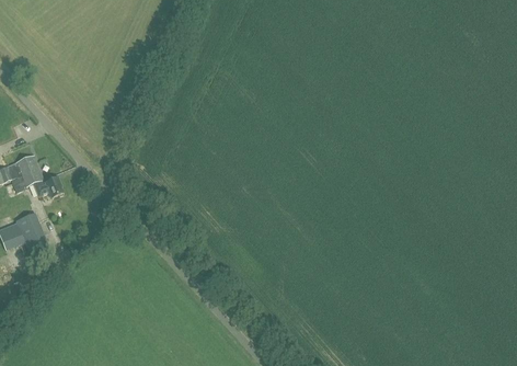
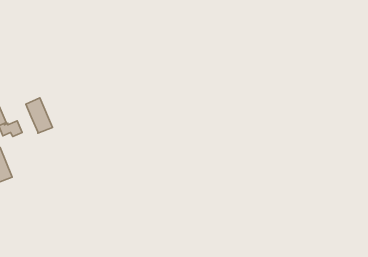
building: none -> [26,98,53,133]

